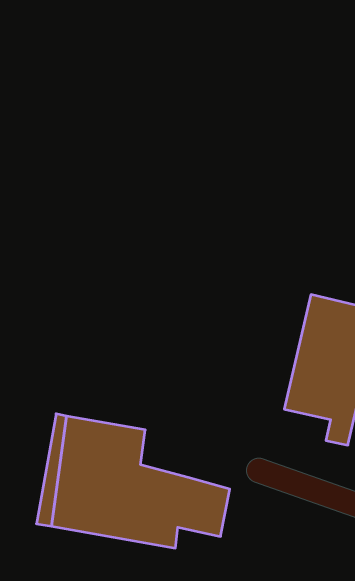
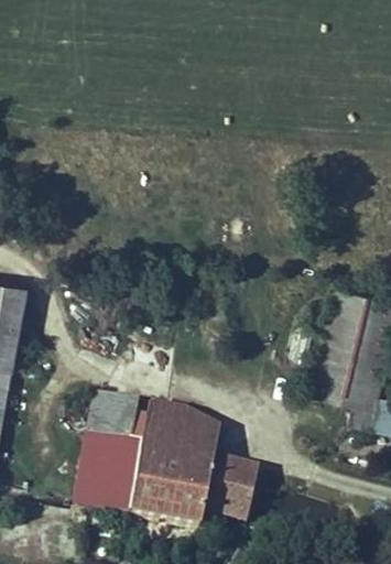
building: none -> [174,412,224,457]

